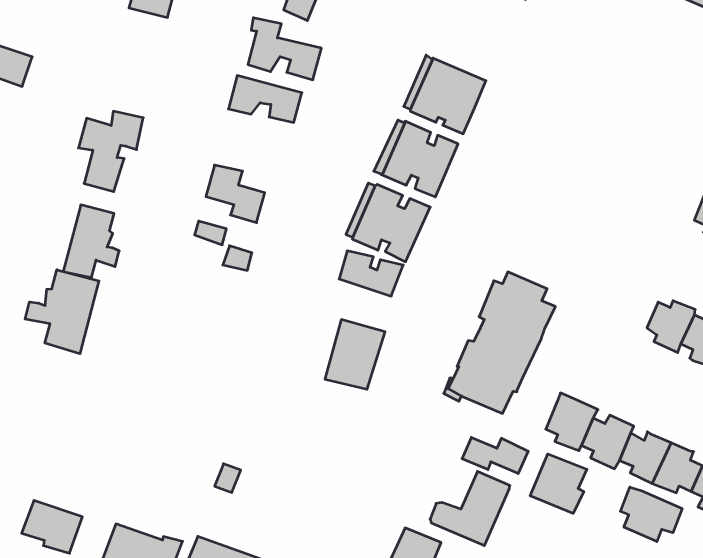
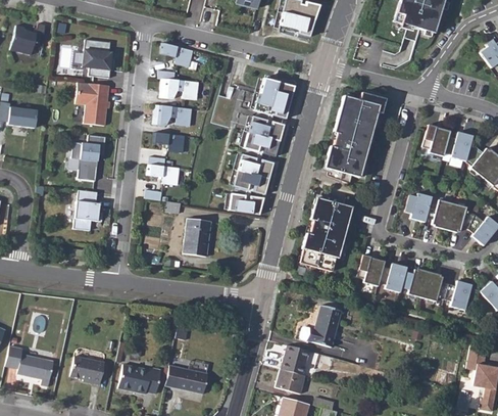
building: none -> [77,82,110,125]
building: none -> [325,92,386,183]
building: none -> [153,132,186,152]
building: [25,270,99,354] -> none
building: [325,320,385,389] -> [184,219,213,256]
building: [462,437,528,474] -> none
building: [530,454,587,513] -> none
building: [620,487,682,542] -> none

